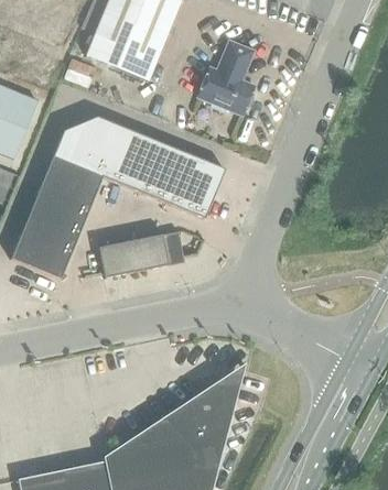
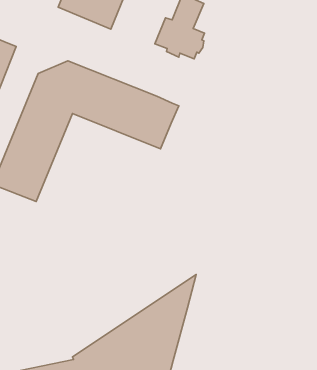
building: [84,230,204,277] -> none

